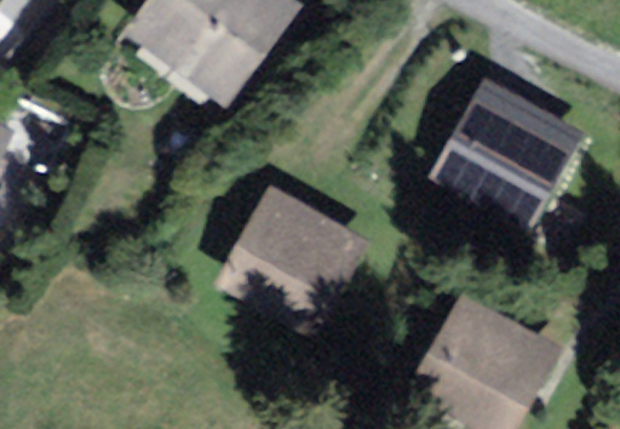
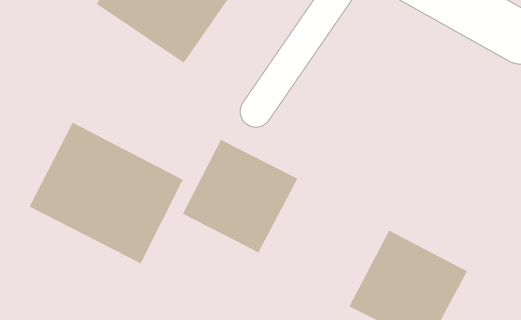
building: [437,81,570,216] -> none
building: none -> [29,122,184,264]

